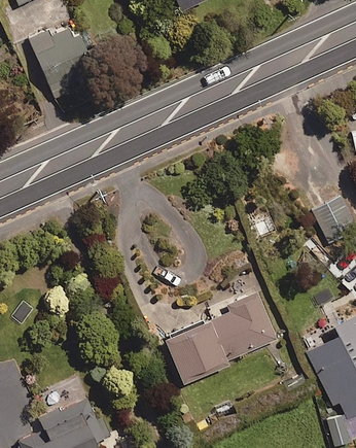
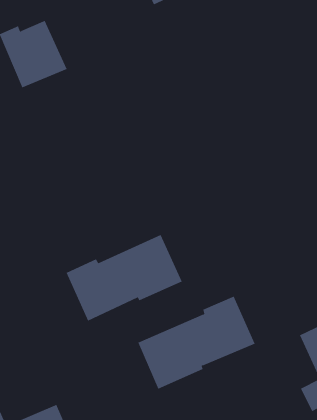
building: none -> [66,234,183,322]

